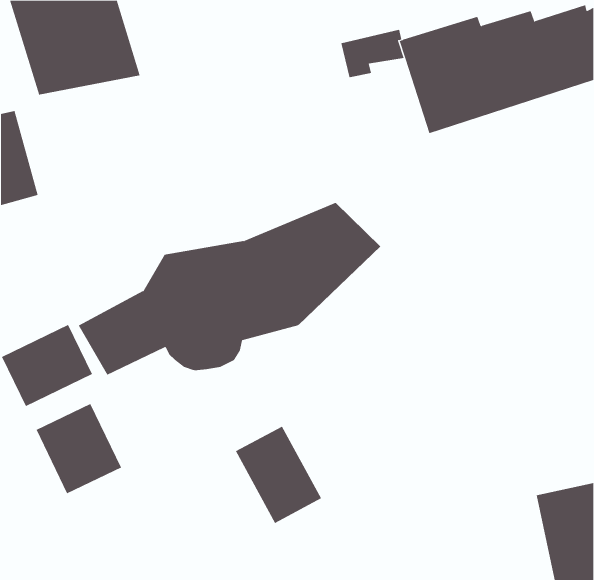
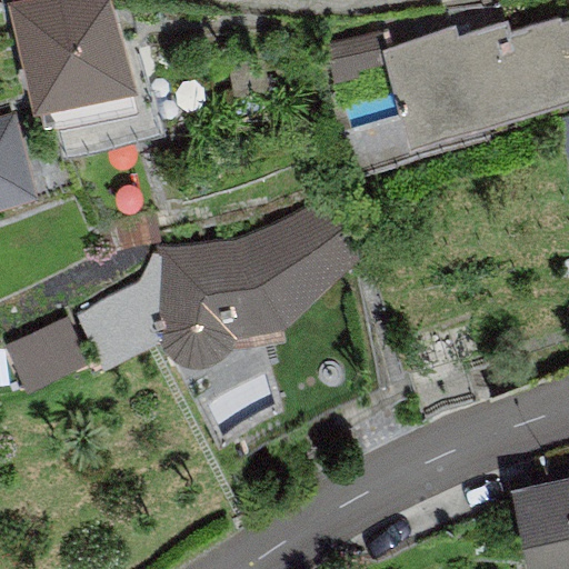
building: [36,403,122,494] -> none
building: [235,426,322,524] -> none

